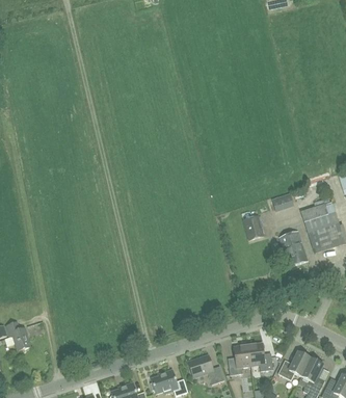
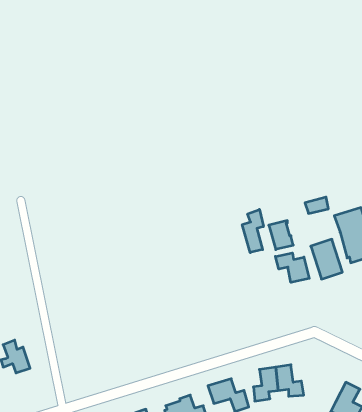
building: none -> [242,209,263,253]
building: none -> [275,253,309,282]
building: [277,350,310,379] -> none

